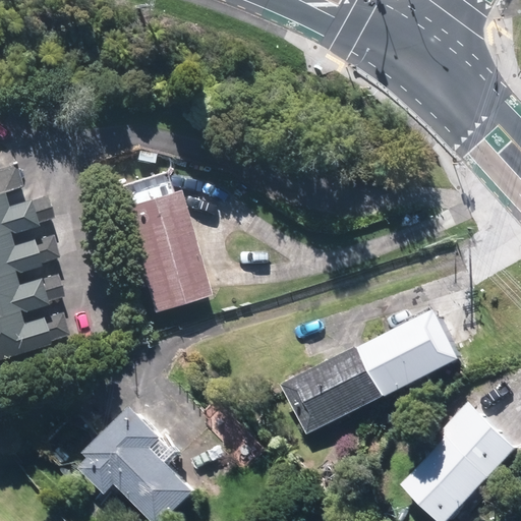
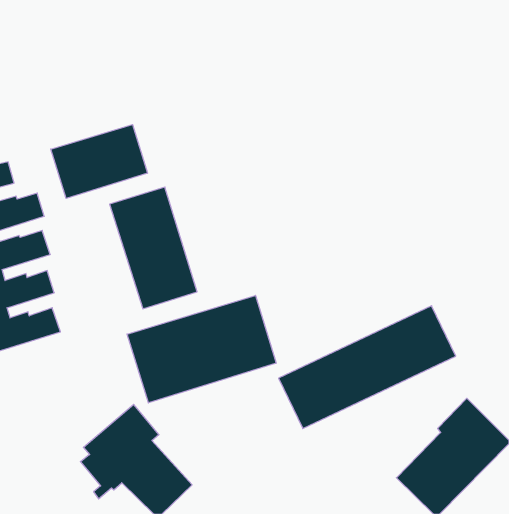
building: none -> [51,125,147,198]
building: none -> [127,295,276,403]

